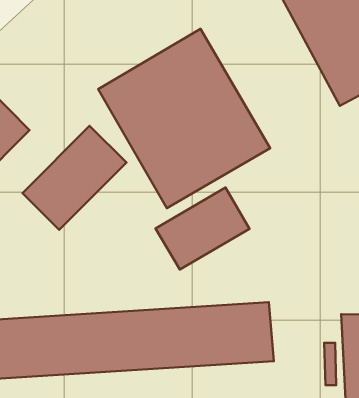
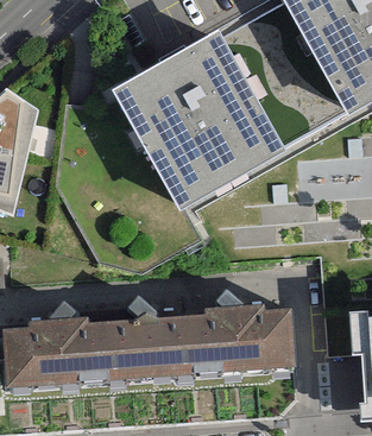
building: [22,126,126,230] -> none
building: [156,188,249,270] -> none

